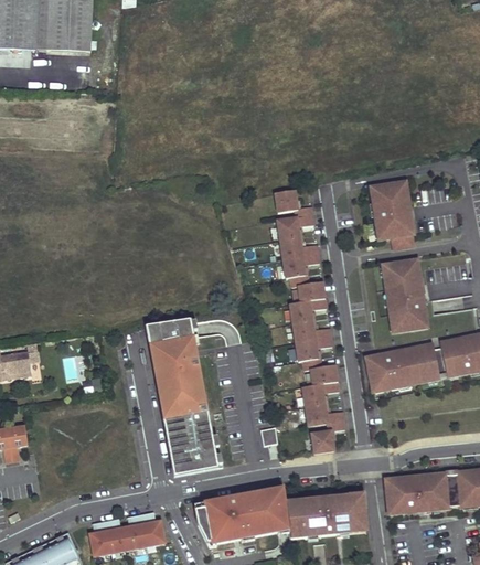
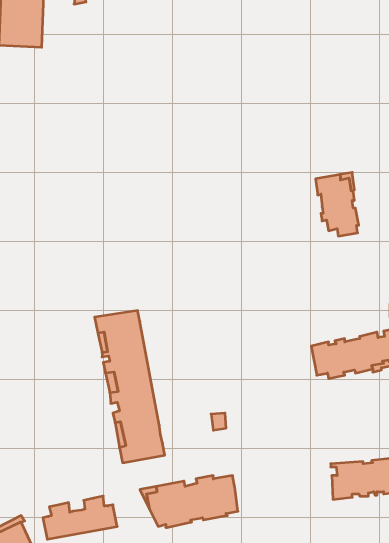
building: [275,190,345,454] -> none
building: [382,259,428,332] -> none
building: [287,494,366,537] -> none

